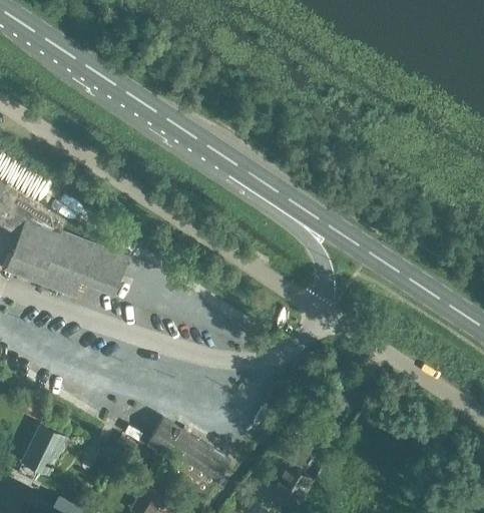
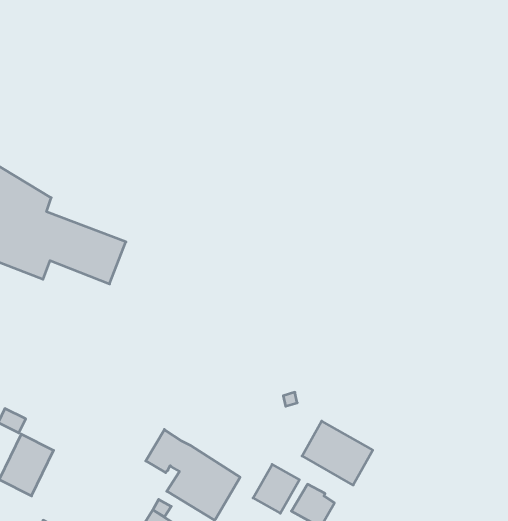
building: none -> [302,421,373,485]
building: none -> [253,464,299,513]

